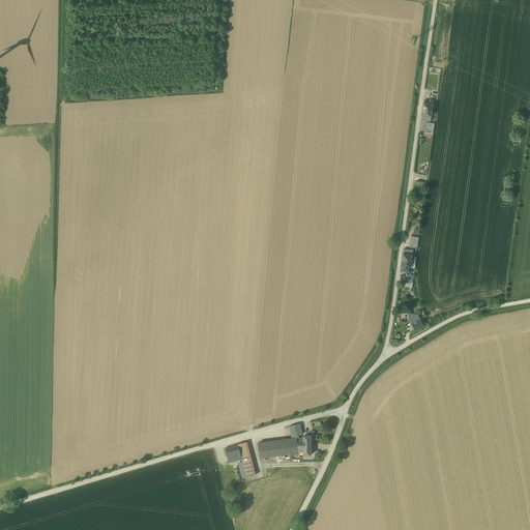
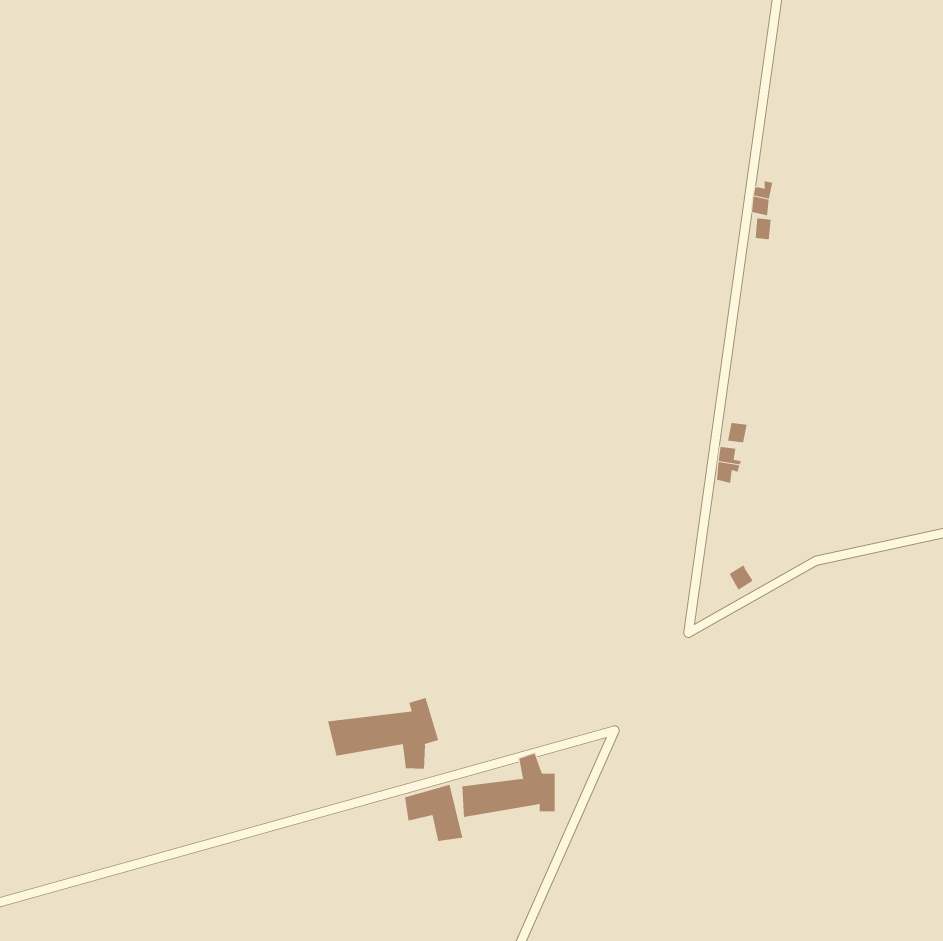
building: none -> [328,697,439,770]

